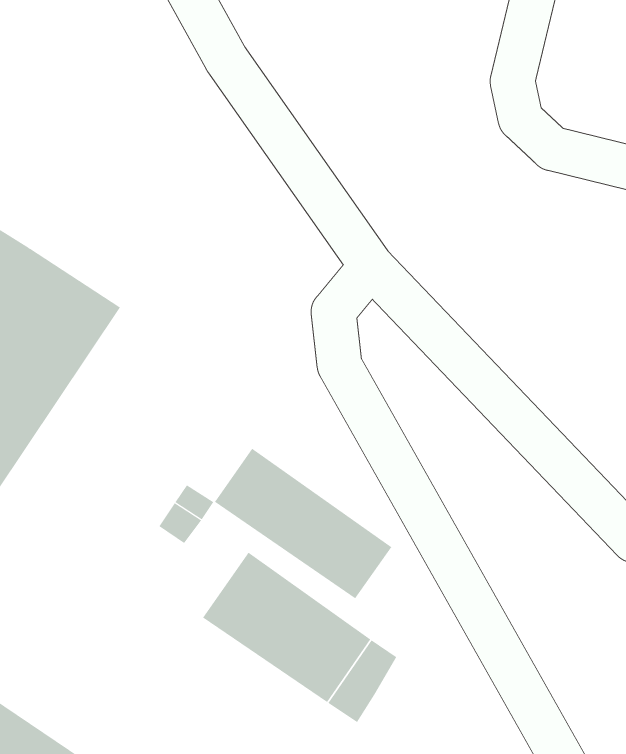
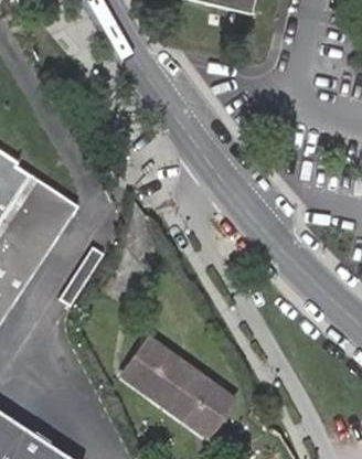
building: [214,448,392,599] -> none

